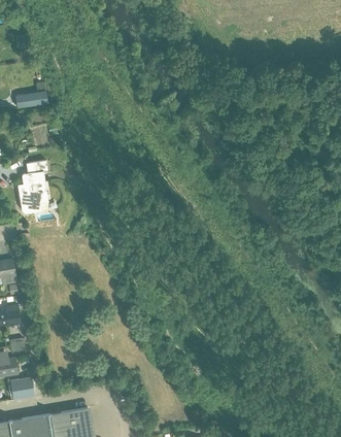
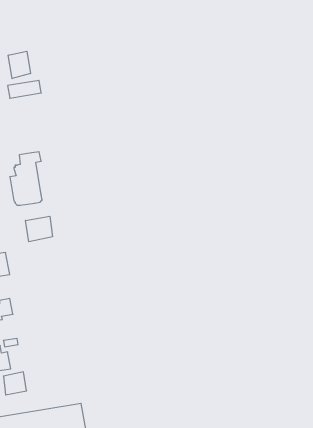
building: none -> [8,51,30,79]
building: none -> [26,216,52,242]

